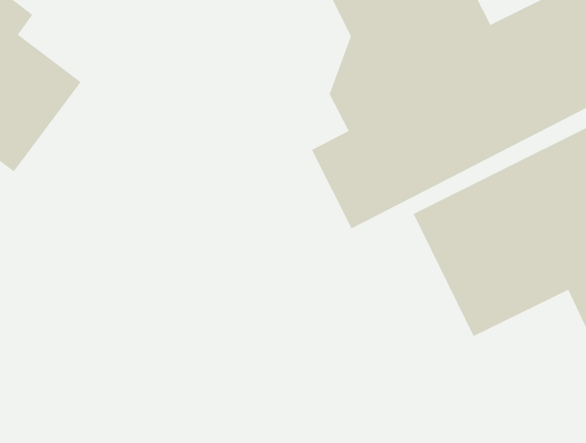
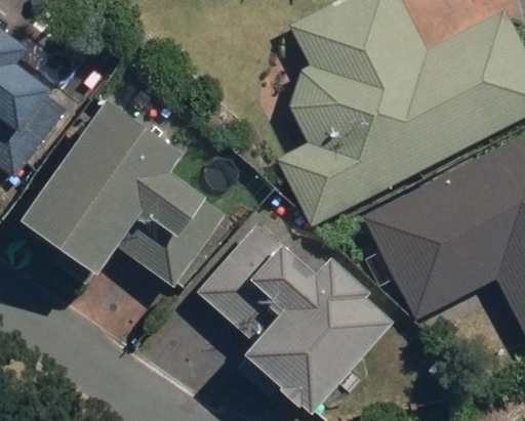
building: none -> [33,93,211,264]
building: none -> [200,220,400,402]

